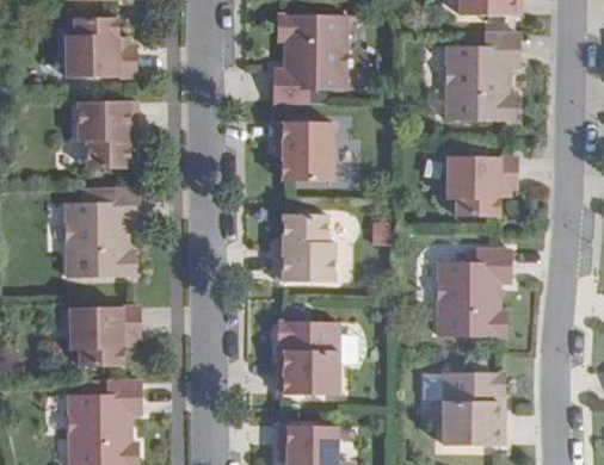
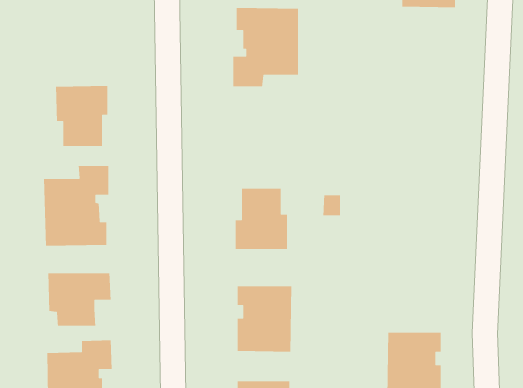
building: [66,18,136,78] -> none
building: [446,33,519,120] -> none
building: [273,120,332,181] -> none
building: [446,156,517,216] -> none
building: [437,248,510,336] -> none

